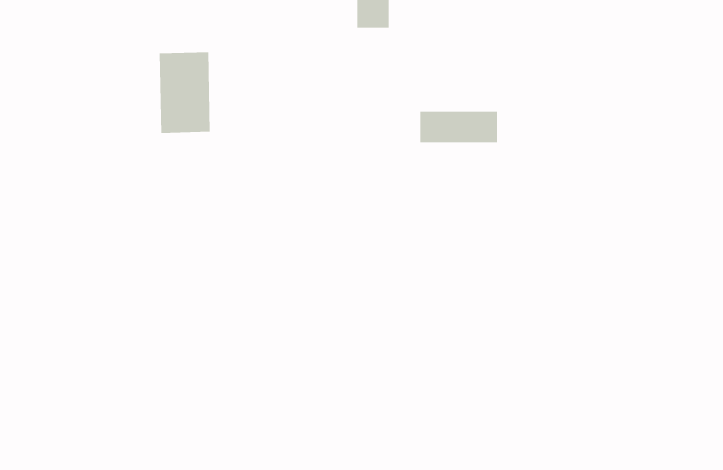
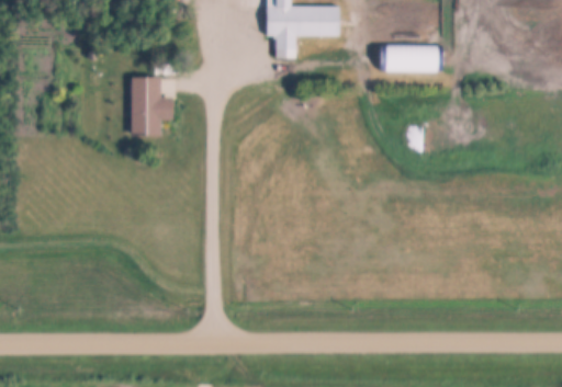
building: [419,111,498,143] -> [383,46,438,68]

